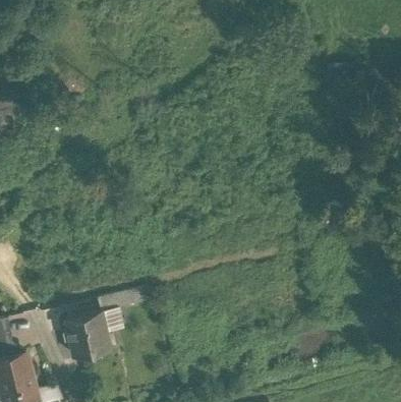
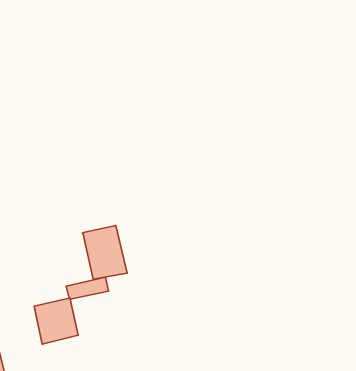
building: none -> [83,226,127,279]

